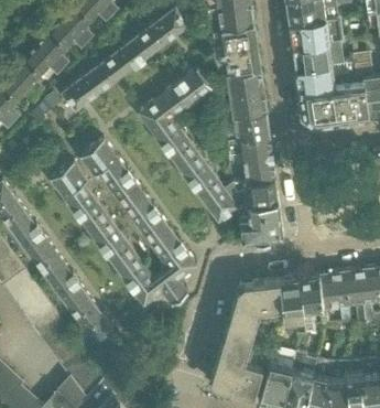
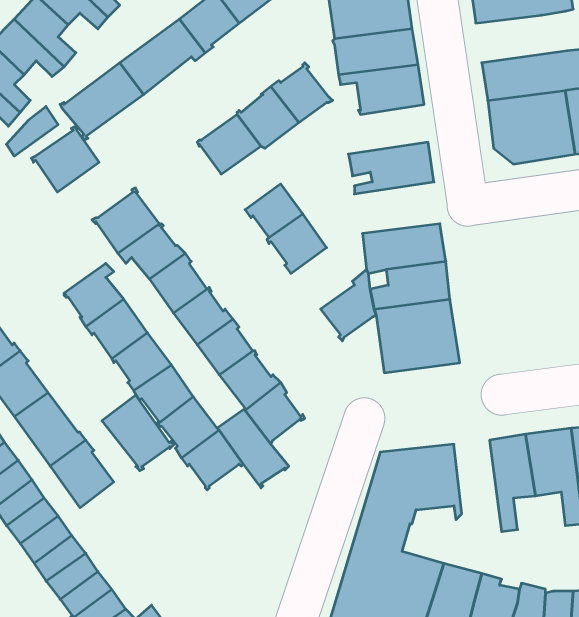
building: [293,41,345,69] -> none
building: [222,93,267,120] -> none
building: [152,116,185,151] -> none
building: [226,136,273,164] -> none
building: [51,161,88,197] -> [31,126,99,192]
building: [191,172,226,206] -> none
building: [281,279,307,331] -> none
building: [74,302,113,344] -> [102,395,174,471]

